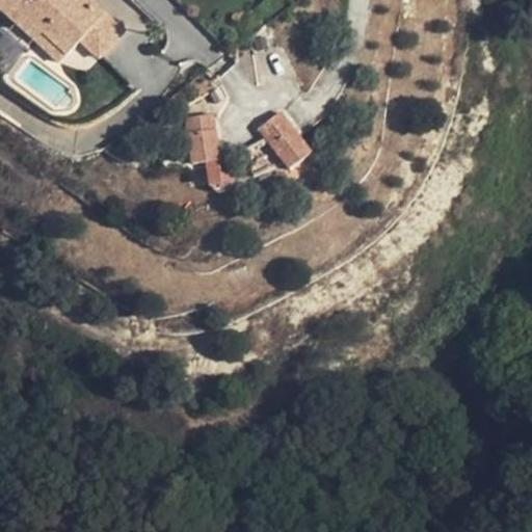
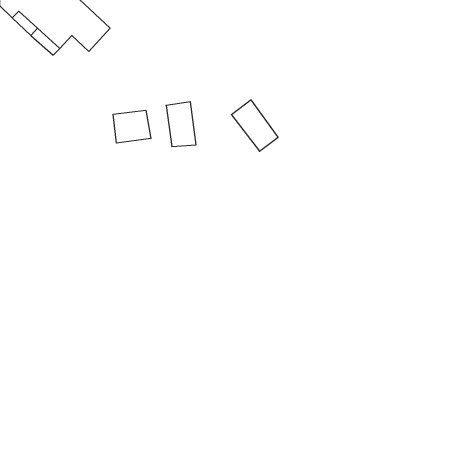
building: none -> [113,110,151,143]

